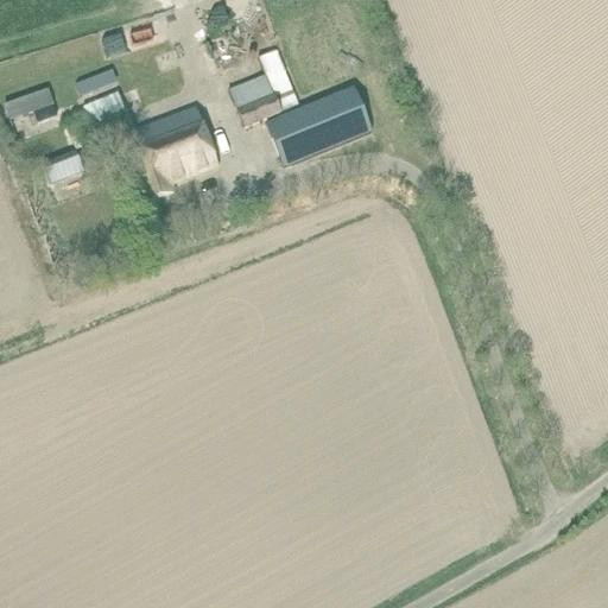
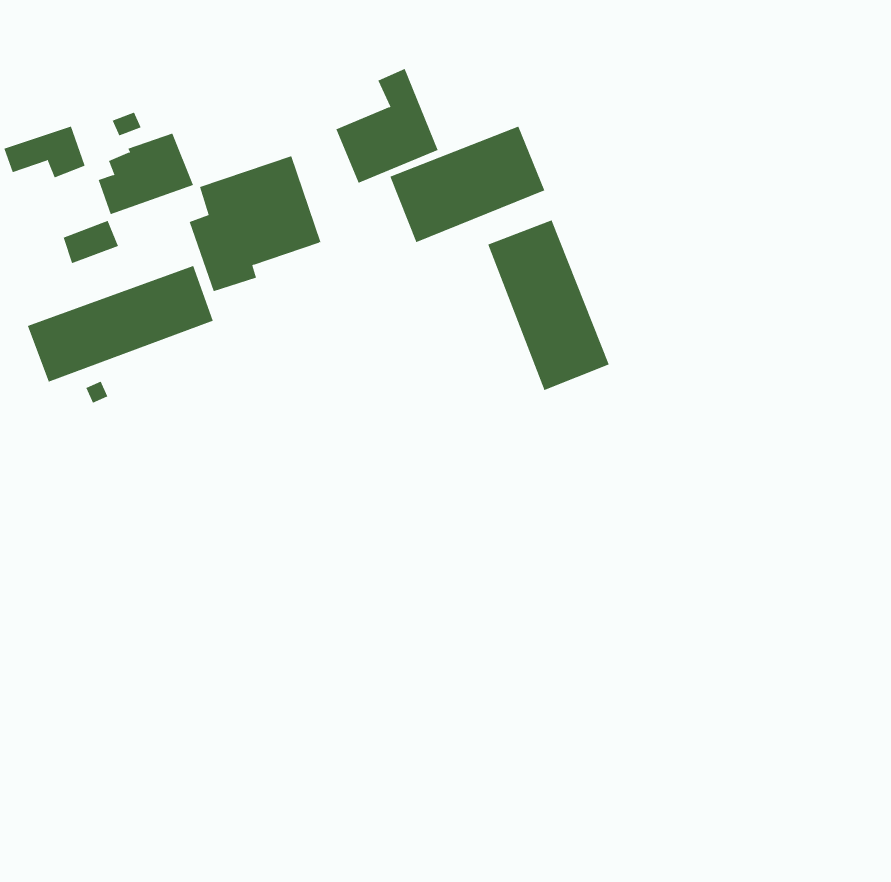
building: none -> [488,220,609,391]
building: none -> [27,265,213,383]

